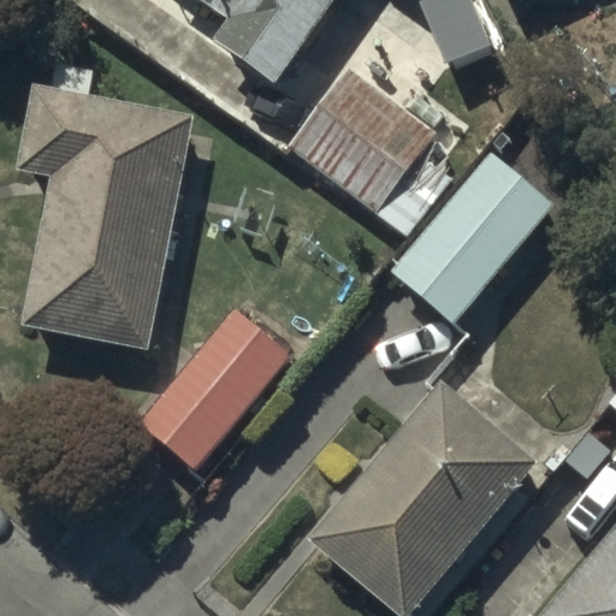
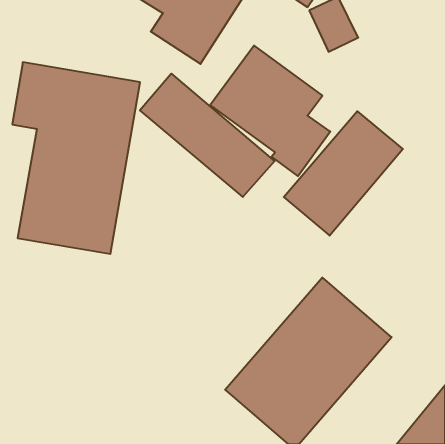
building: none -> [140,74,275,197]
building: [136,304,294,473] -> none

